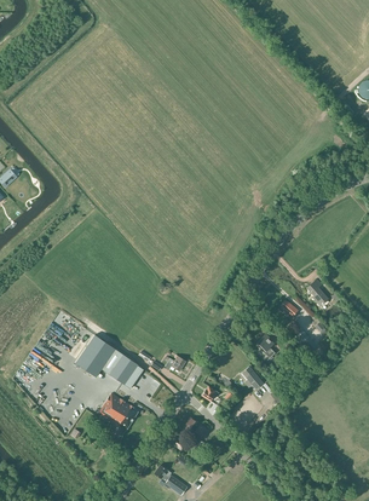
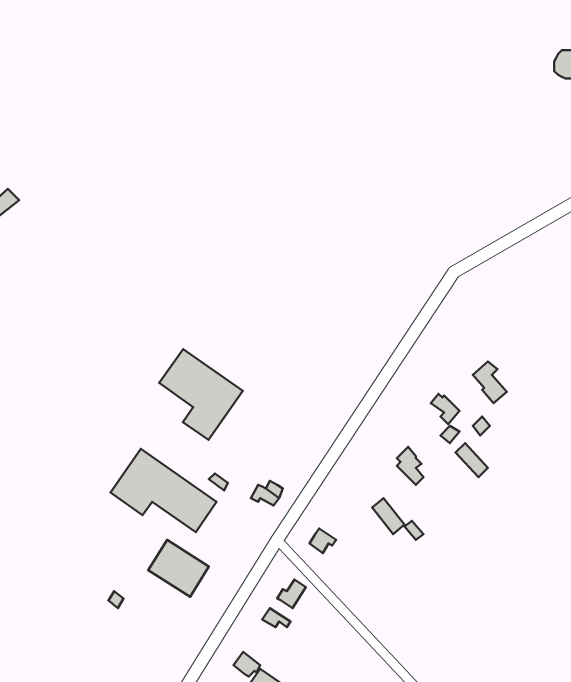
building: none -> [159,349,243,440]

